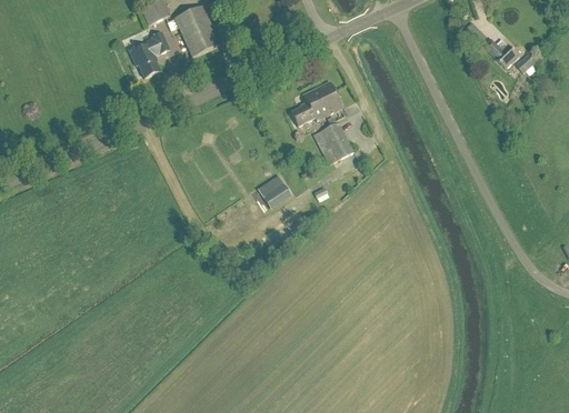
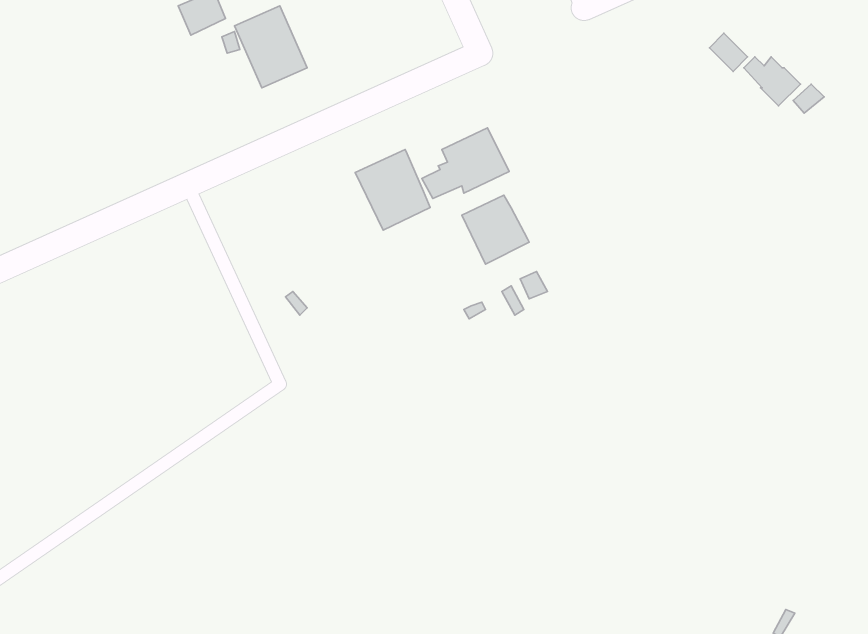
building: [129,30,170,77] -> none
building: none -> [355,149,430,230]
building: [258,173,291,208] -> none

